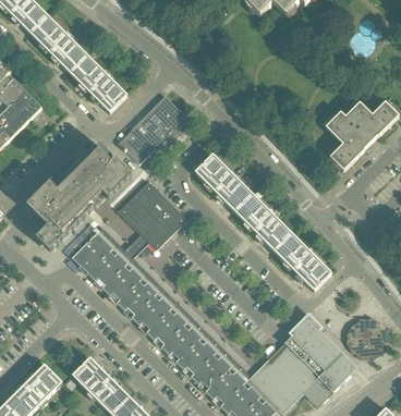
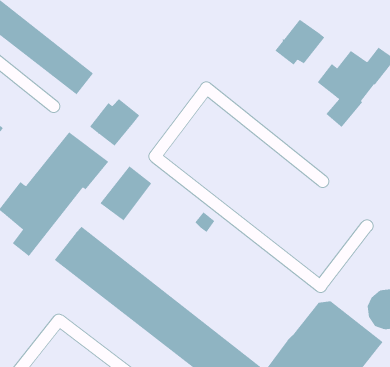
building: none -> [275,19,325,66]
building: [146,101,182,137] -> none
building: [194,154,330,290] -> none
building: [137,199,185,248] -> none

